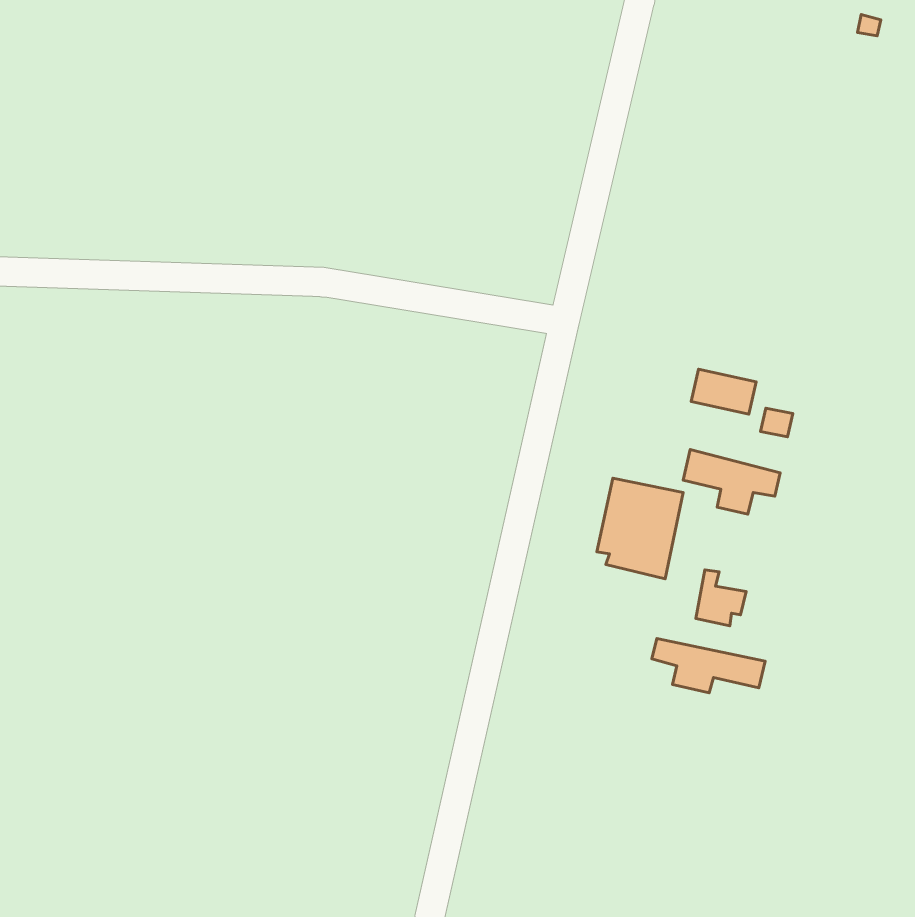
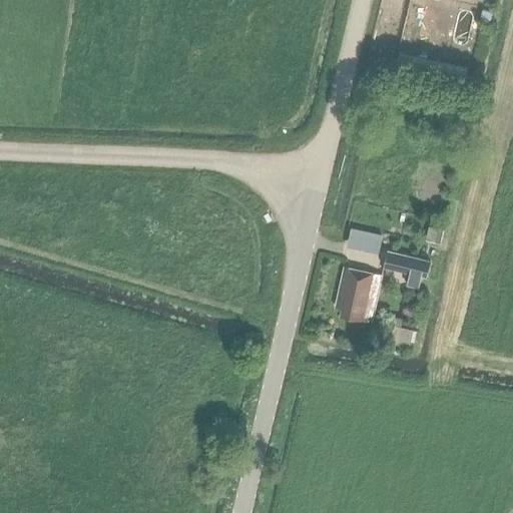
building: [691,369,756,414] -> [348,225,384,250]
building: [652,639,765,693] -> none

